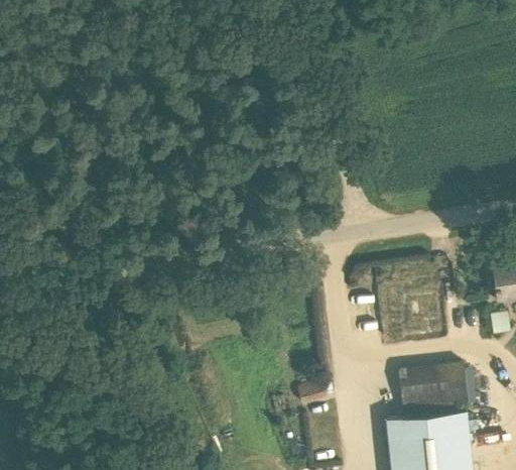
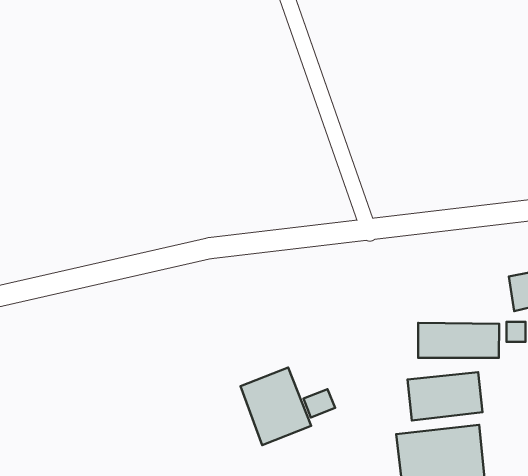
building: none -> [418,323,499,358]
building: none -> [241,368,311,445]

